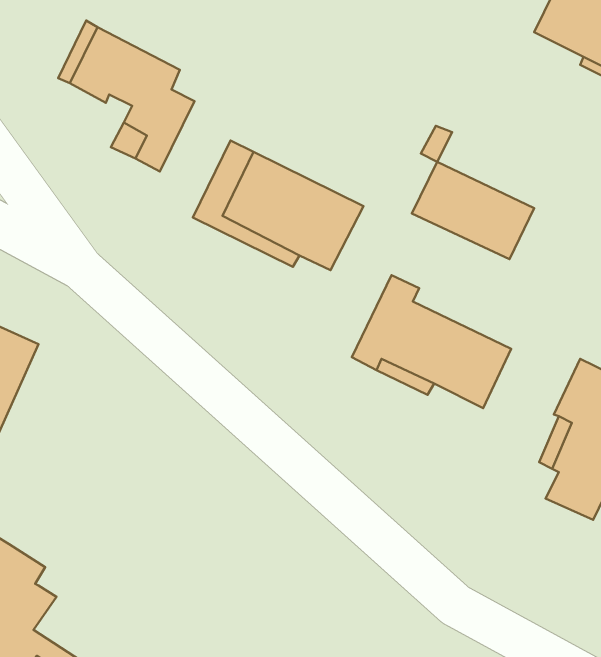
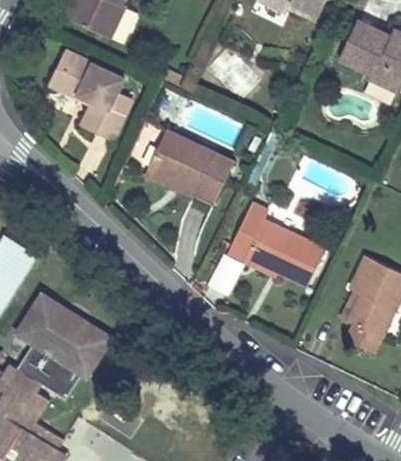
building: [412,162,534,259] -> none
building: none -> [19,295,111,400]

